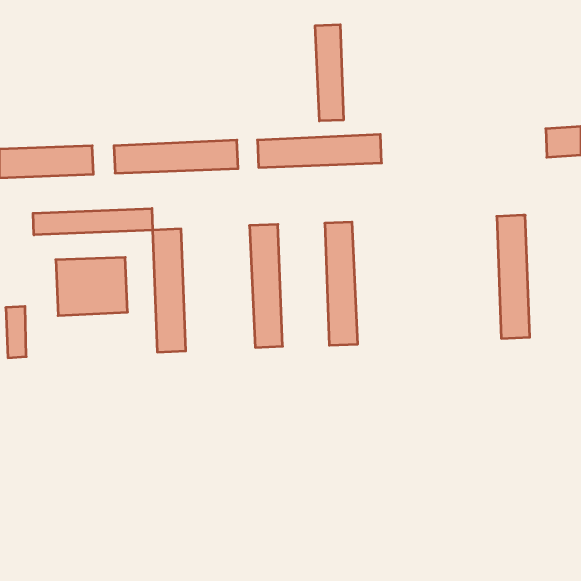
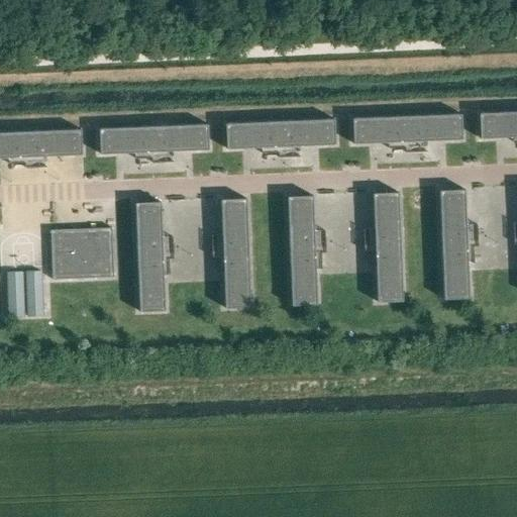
building: [315,25,343,121] -> none
building: none -> [355,114,464,143]
building: [33,208,153,235] -> none
building: none -> [374,193,403,302]
building: none -> [23,272,41,316]

